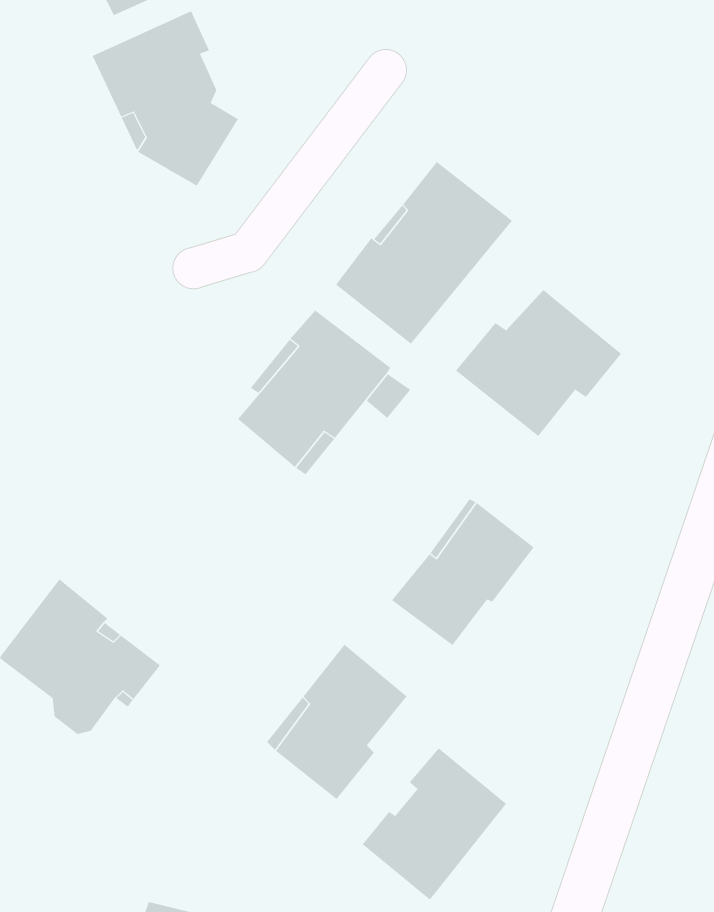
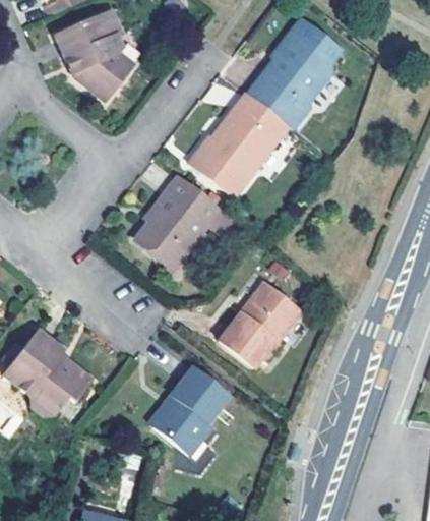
building: none -> [245,19,339,129]
building: [455,289,622,437] -> none
building: [362,747,507,901] -> none

